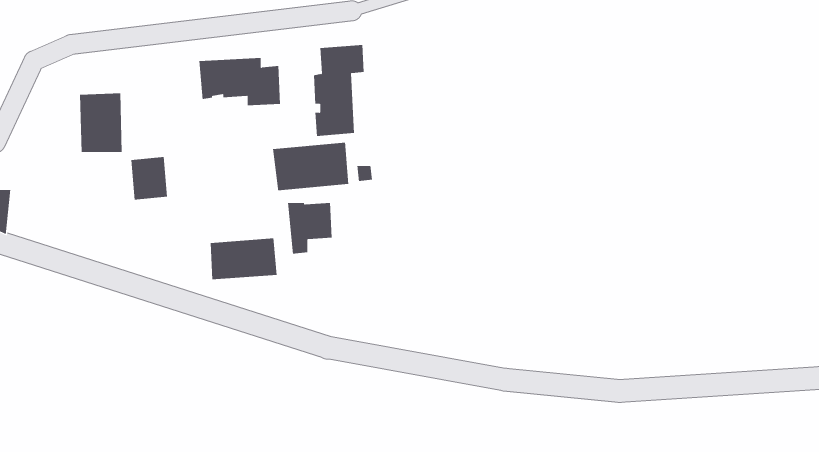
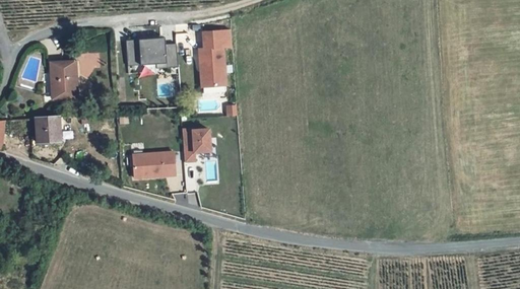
building: [272,142,349,191] -> none
building: [131,157,168,200] -> [34,117,57,144]

